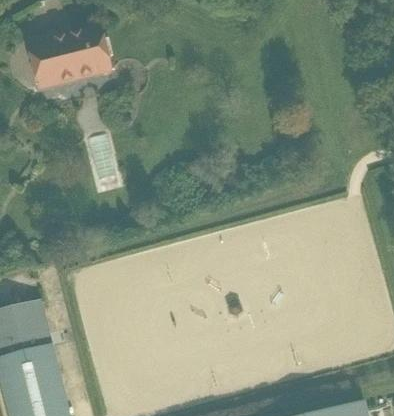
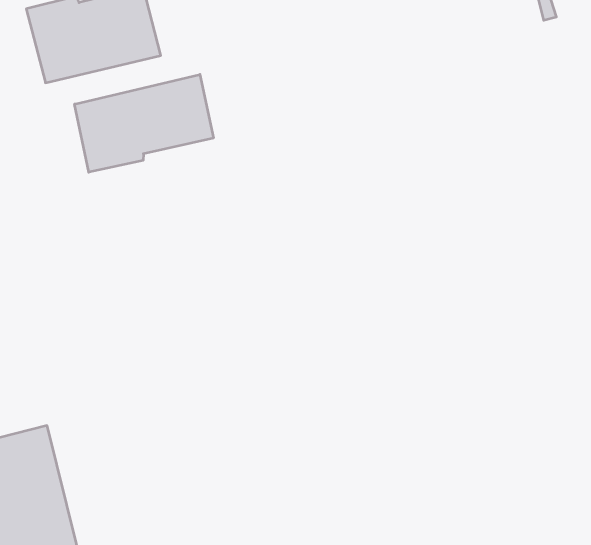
building: none -> [75,74,213,172]

